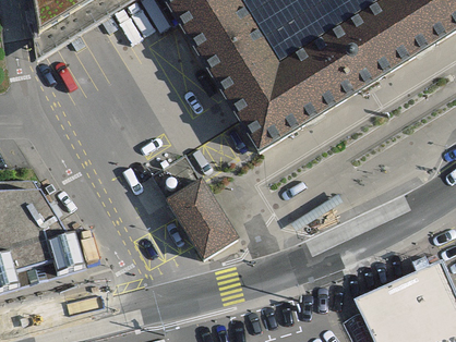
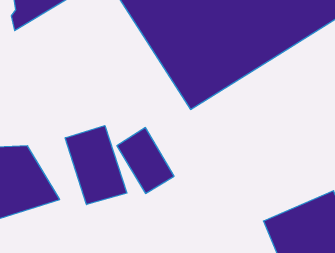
building: none -> [65,126,127,205]

